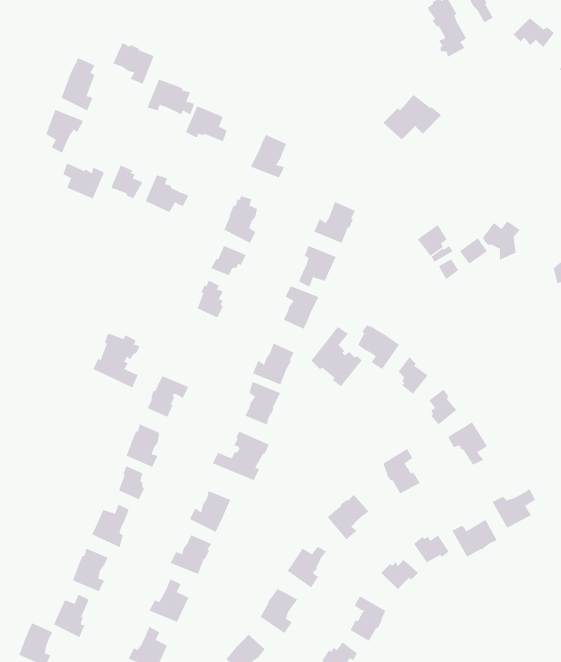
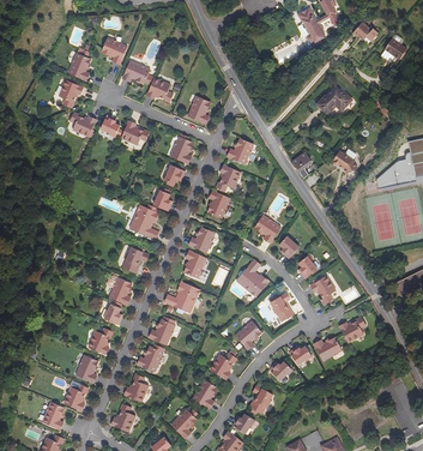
building: [383,94,442,140] -> [315,85,352,114]
building: [311,326,362,387] -> [236,258,268,296]
building: [93,333,140,388] -> [129,204,159,239]

